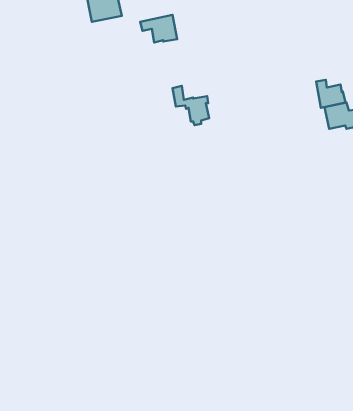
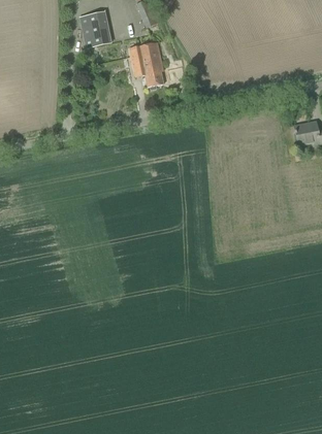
building: [316,80,345,108] -> none
building: [172,86,209,125] -> [131,54,164,89]

